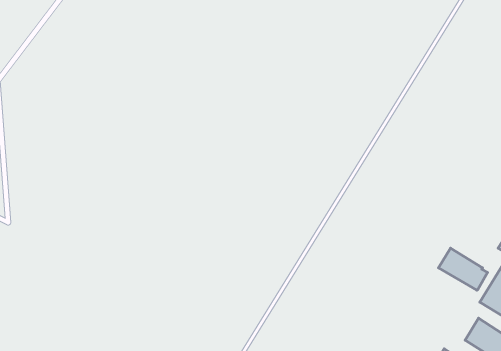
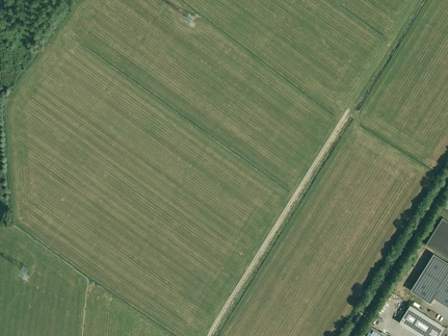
building: [438,248,487,290] -> none

